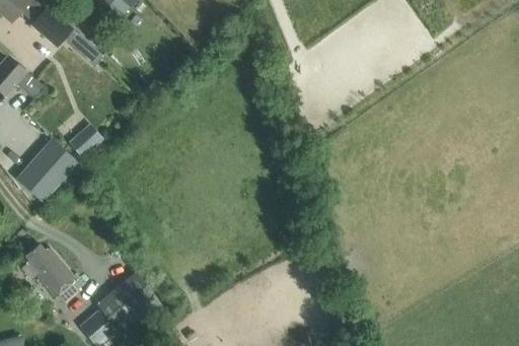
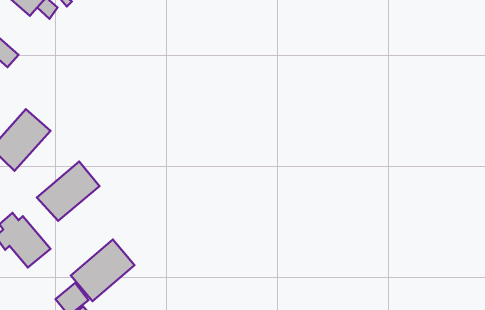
building: [69,124,103,157] -> none
building: none -> [37,162,99,221]

